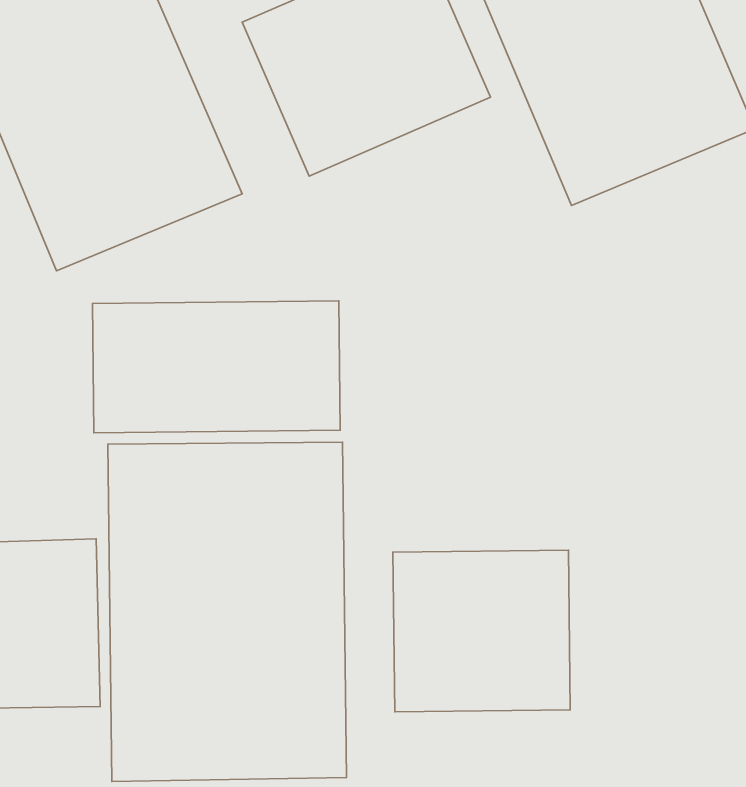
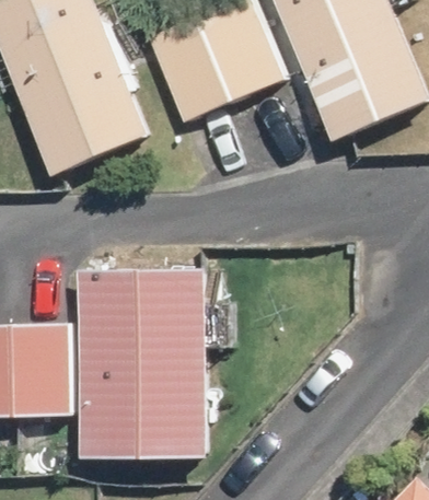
building: [93,301,340,433] -> none
building: [393,550,570,712] -> none

